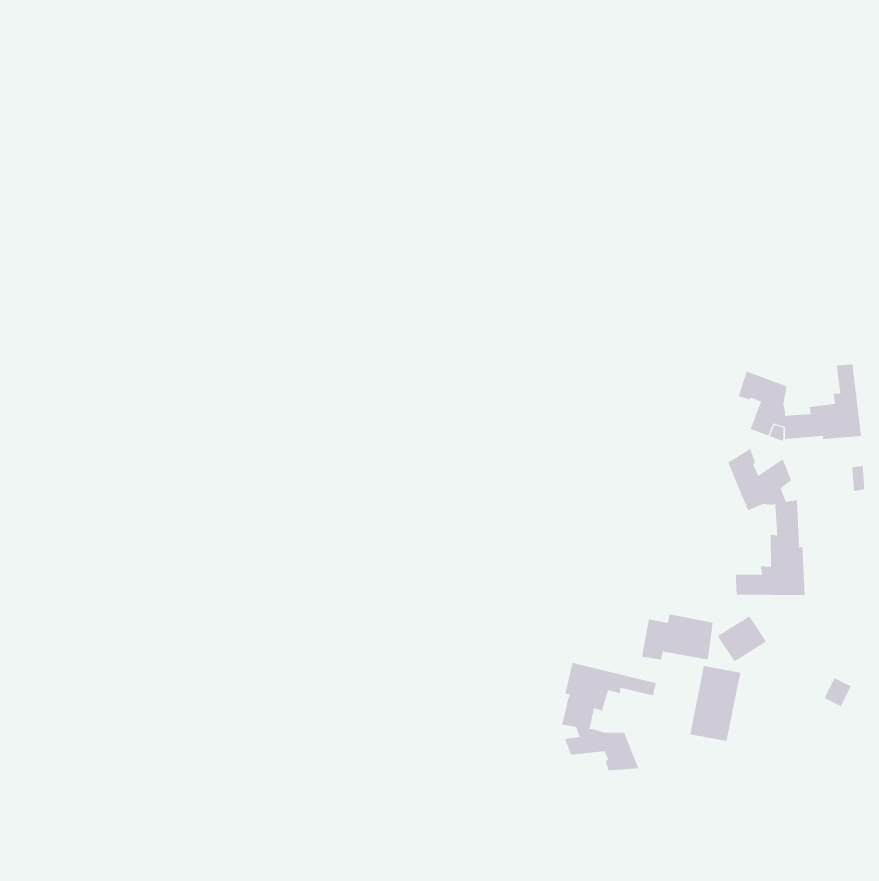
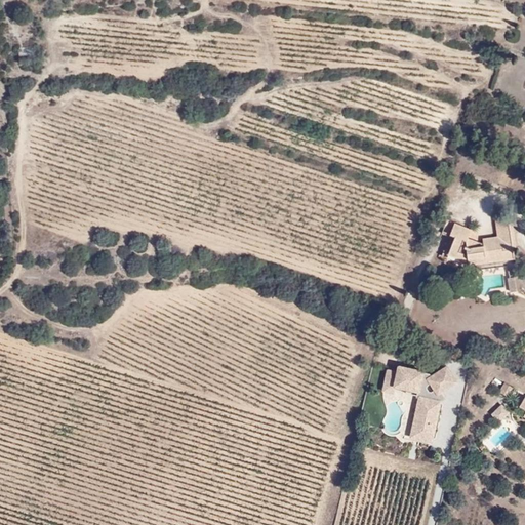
building: [727,448,805,596] -> none
building: [562,662,657,771] -> none

